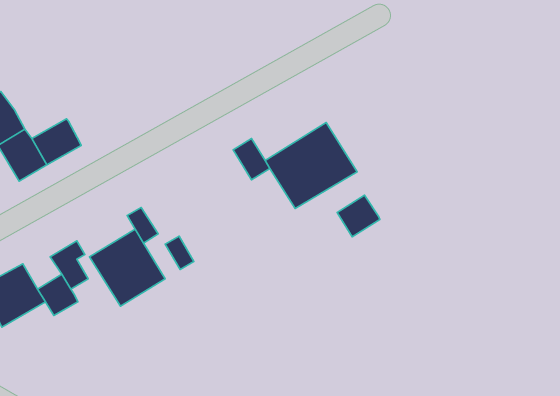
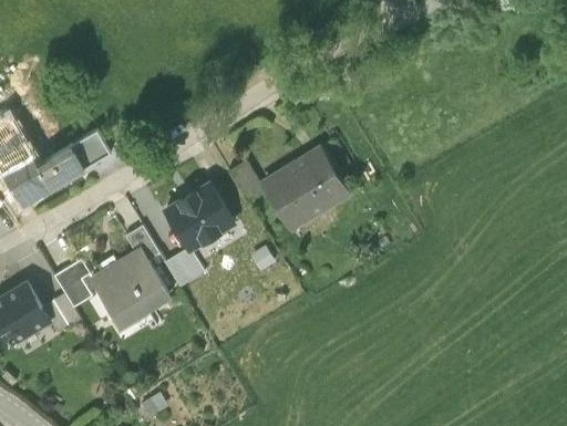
building: none -> [72,133,109,167]
building: none -> [166,183,234,249]
building: [337,195,380,237] -> none

